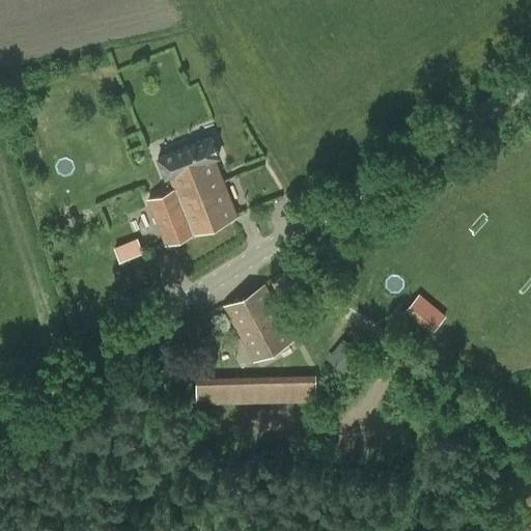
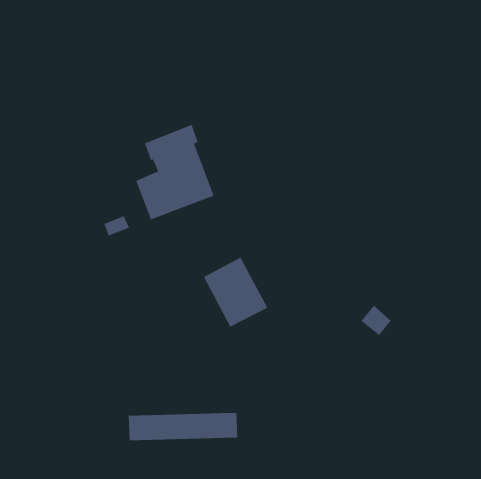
building: [406,297,440,331] -> [361,305,392,336]
building: [195,375,316,407] -> [128,413,238,441]

